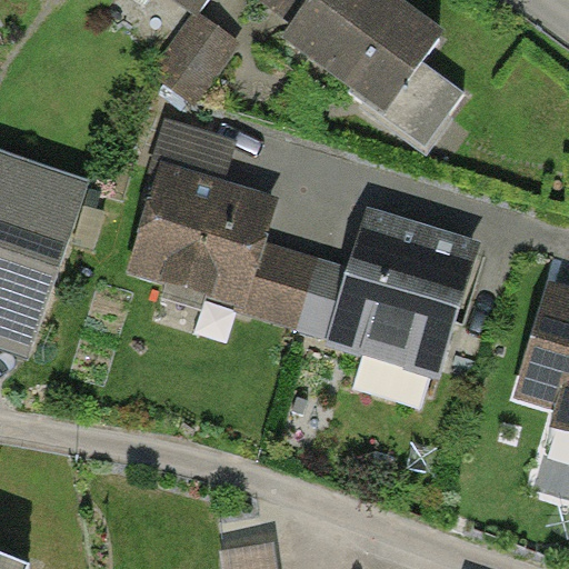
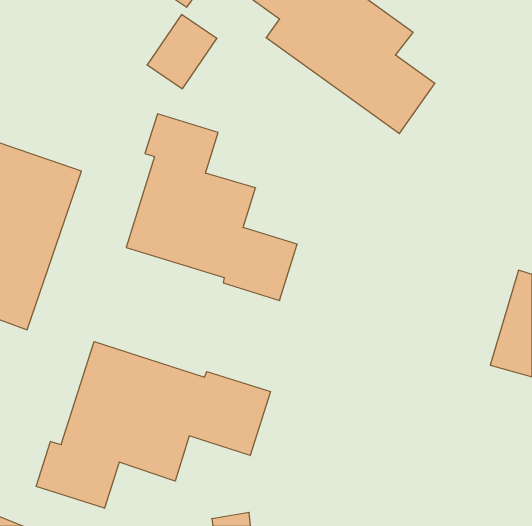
building: [298,214,473,368] -> none
building: none -> [36,342,270,508]

